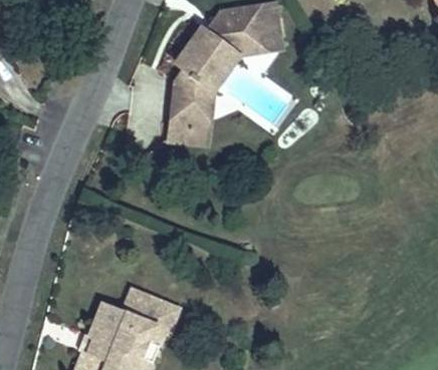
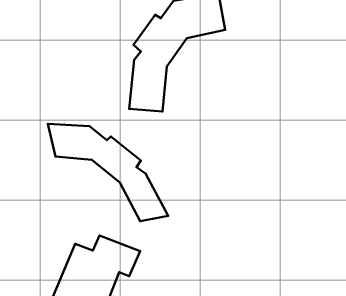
building: none -> [48,124,168,221]

